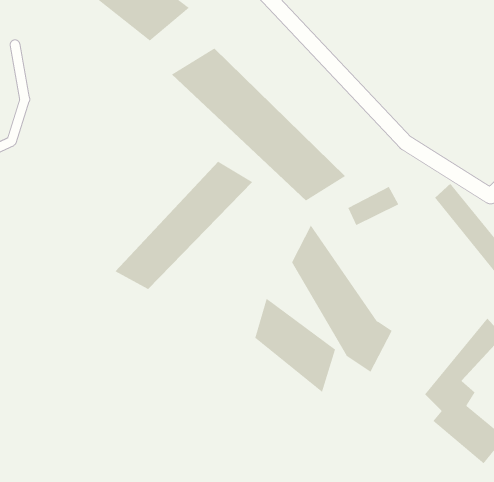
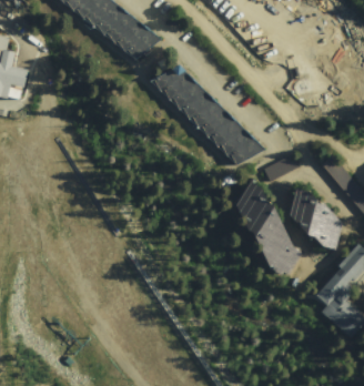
building: [115,161,253,290] -> none
building: [254,298,336,393] -> [280,187,334,251]

